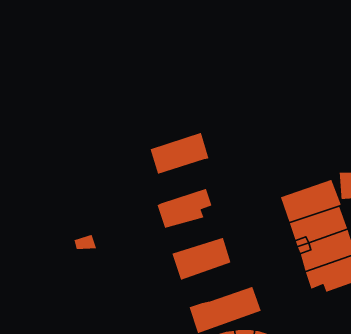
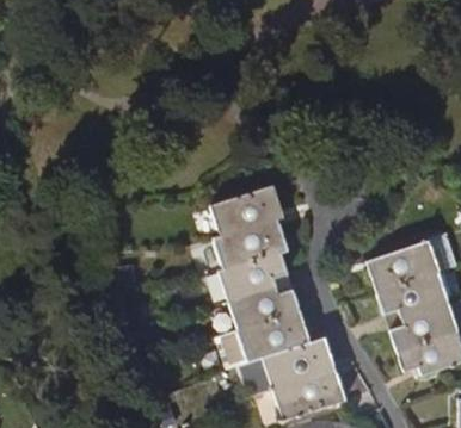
building: none -> [214,219,285,271]
building: none -> [228,289,299,330]
building: none -> [246,337,333,390]

